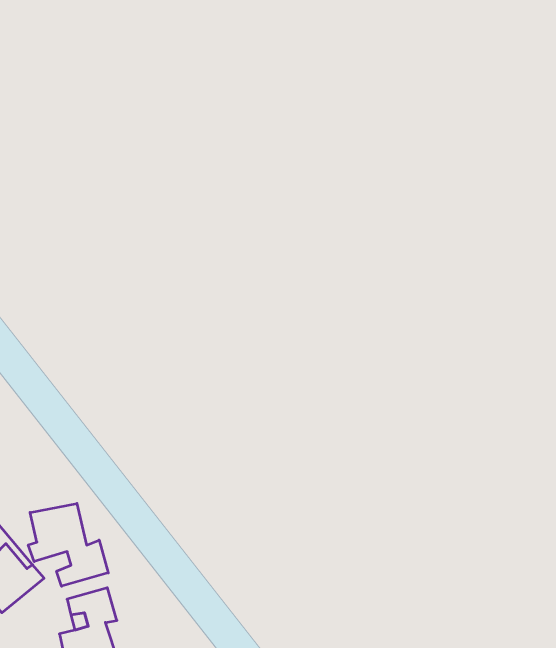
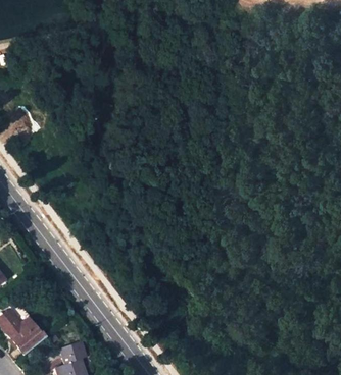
building: [28,503,108,586] -> none

